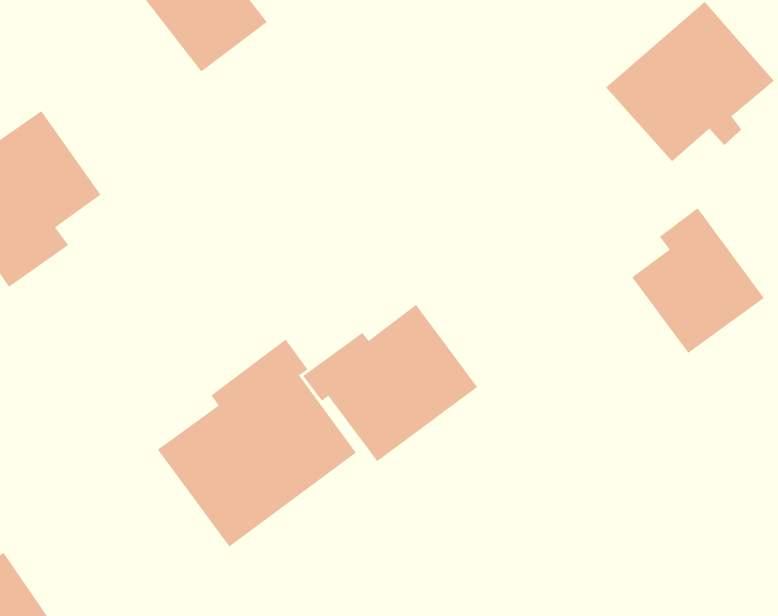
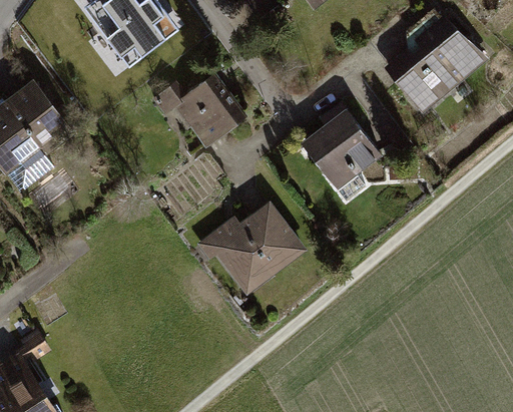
building: none -> [152,77,238,142]
building: [631,207,765,354] -> [301,100,383,190]
building: [157,339,357,547] -> none

